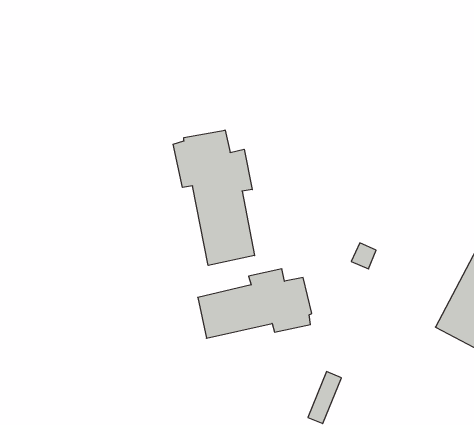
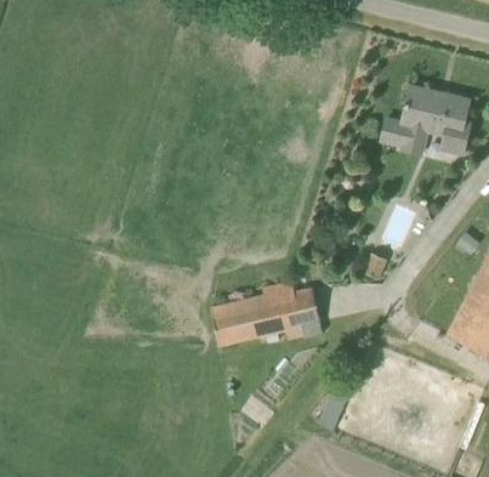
building: none -> [380,86,472,154]
building: [173,130,255,265] -> none

